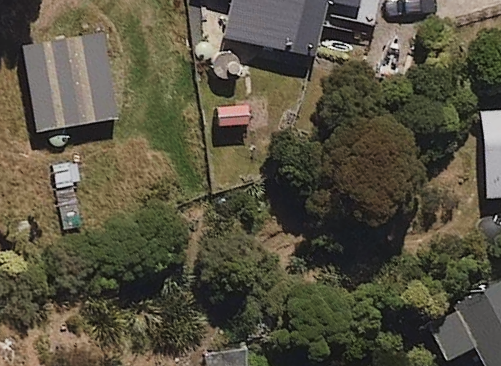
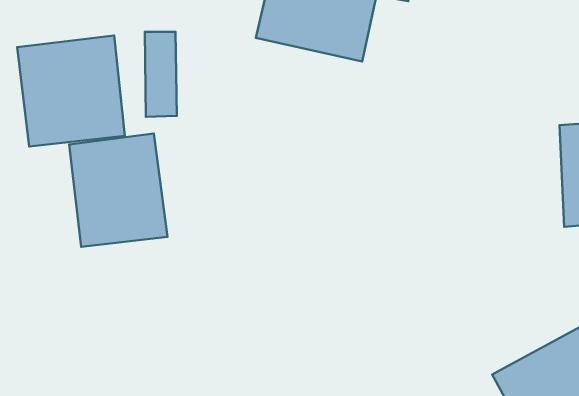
building: none -> [69,134,167,247]

